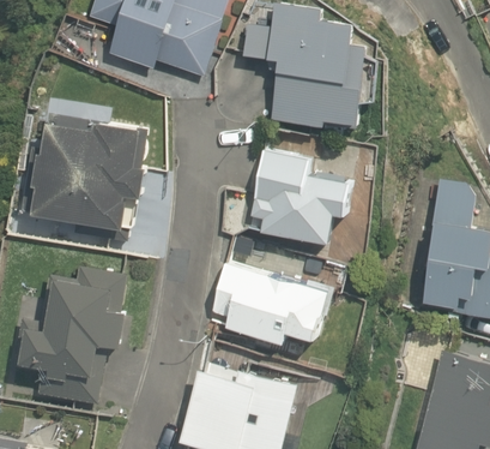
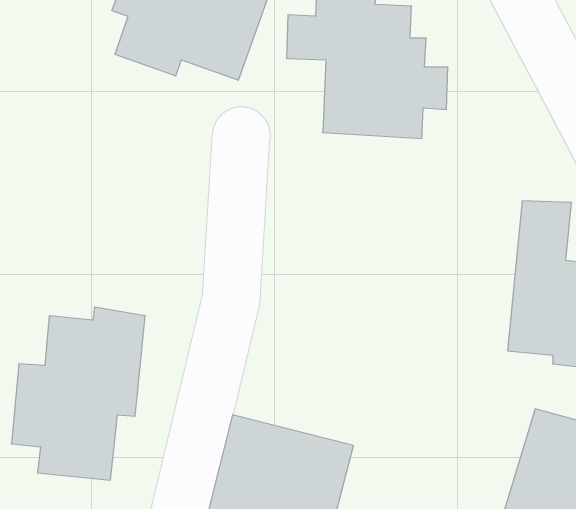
building: [29,114,135,224] -> none
building: [250,146,353,243] -> none
building: [210,257,335,346] -> none

